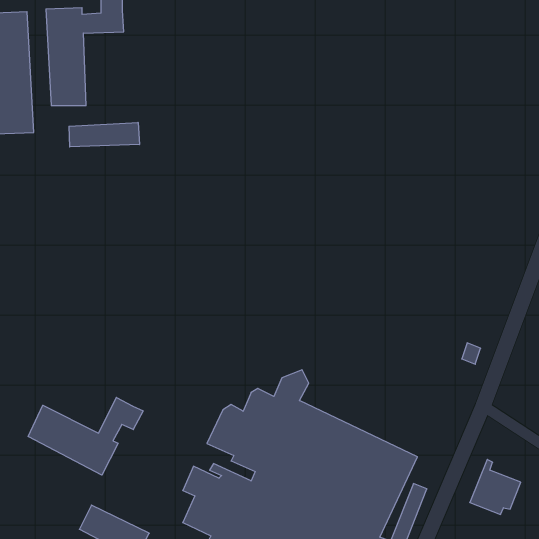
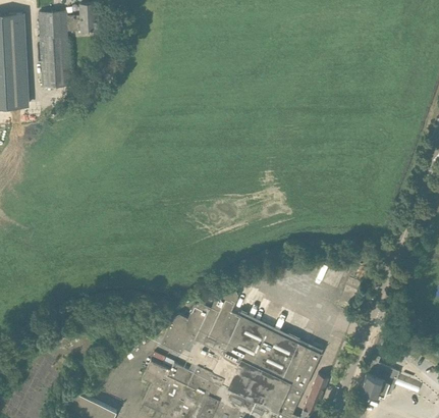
building: [69,122,139,147] -> none
building: [28,397,143,475] -> none

